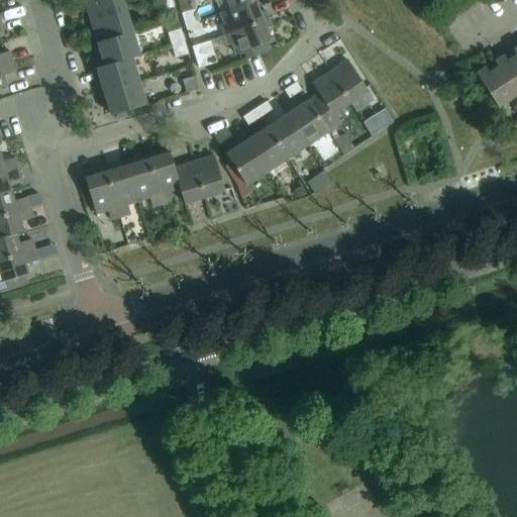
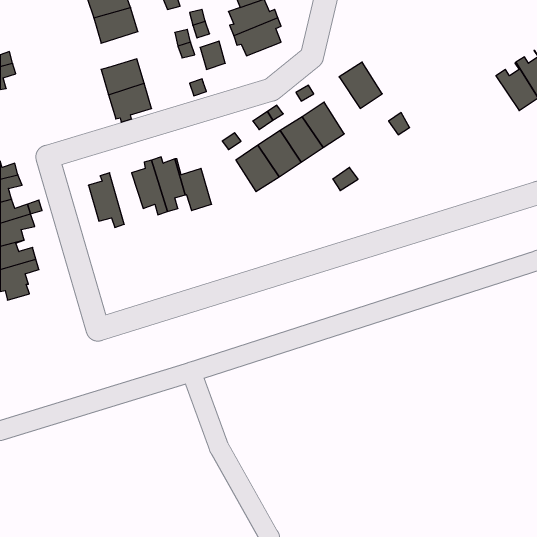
building: [98,30,140,65] -> none
building: [312,74,346,128] -> none
building: [194,154,225,196] -> none
building: [106,164,138,215] -> none

